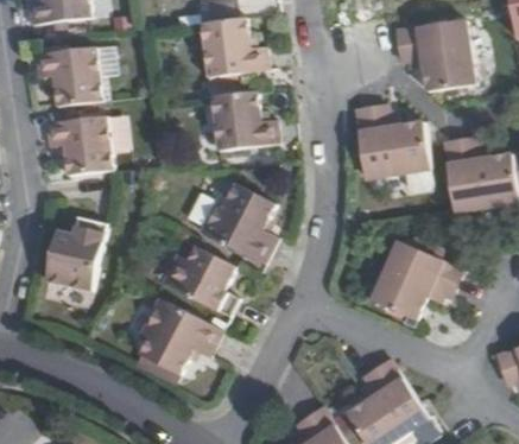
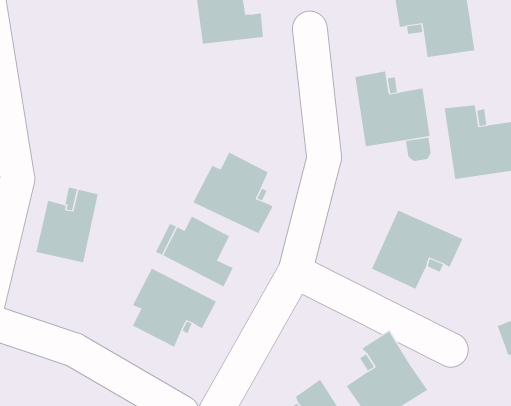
building: [33,46,100,107] -> none
building: [209,90,277,150] -> none
building: [43,115,110,176] -> none

